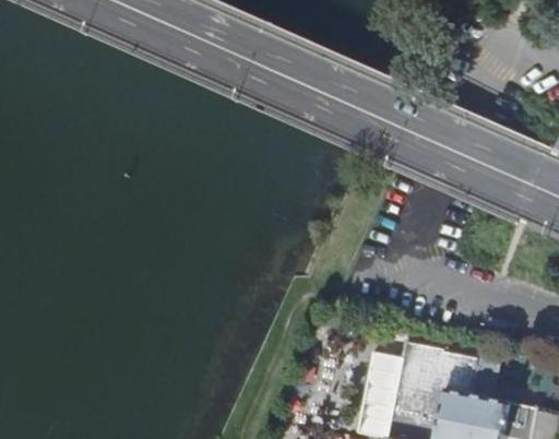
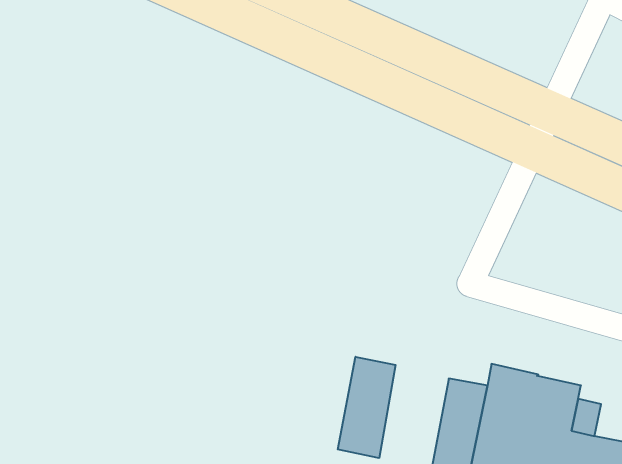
building: none -> [338,357,396,458]

